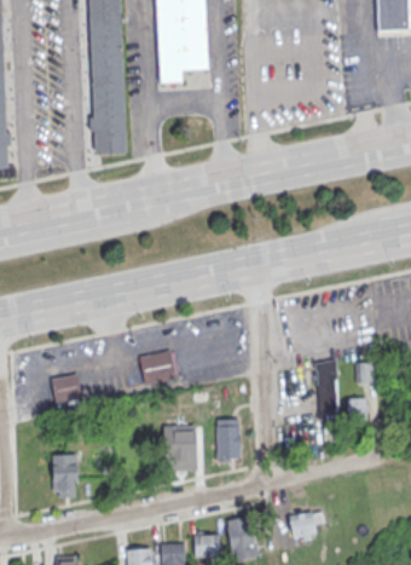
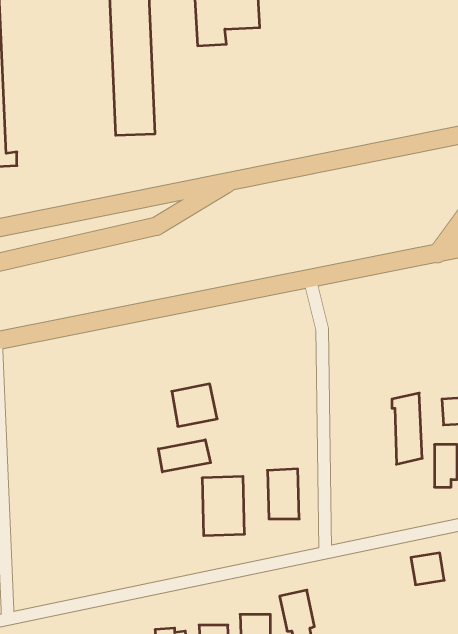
building: [52,374,83,403] -> none
building: none -> [158,440,211,472]
building: [53,454,79,497] -> none
building: [290,512,317,537] -> [411,553,444,585]

